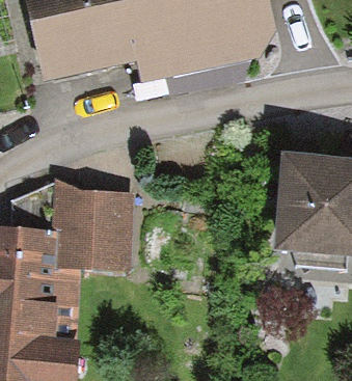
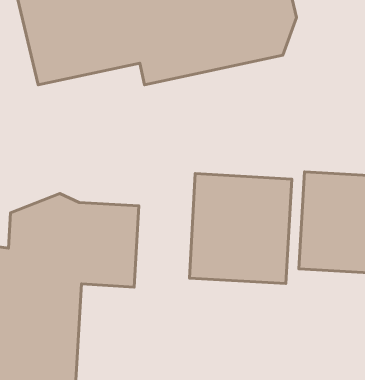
building: none -> [189,174,292,284]

